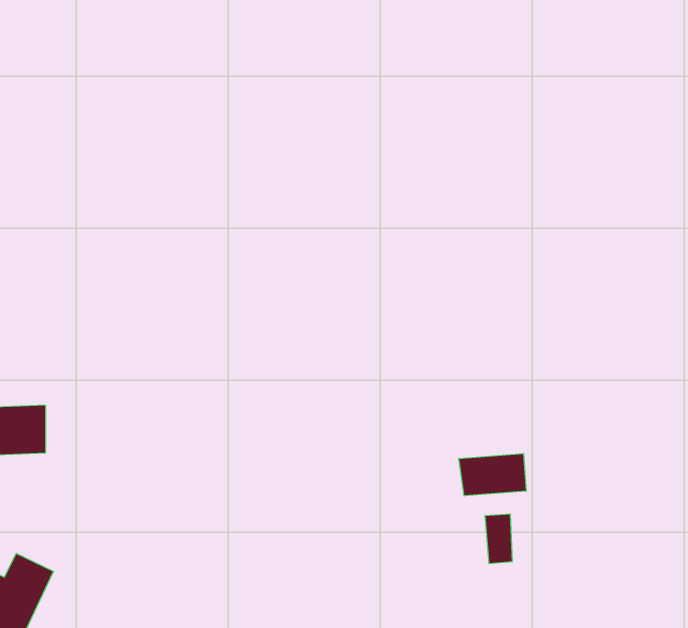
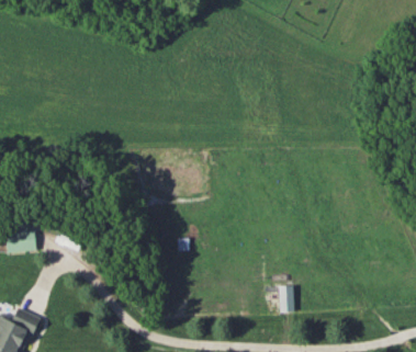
building: [459,453,526,496] -> none

